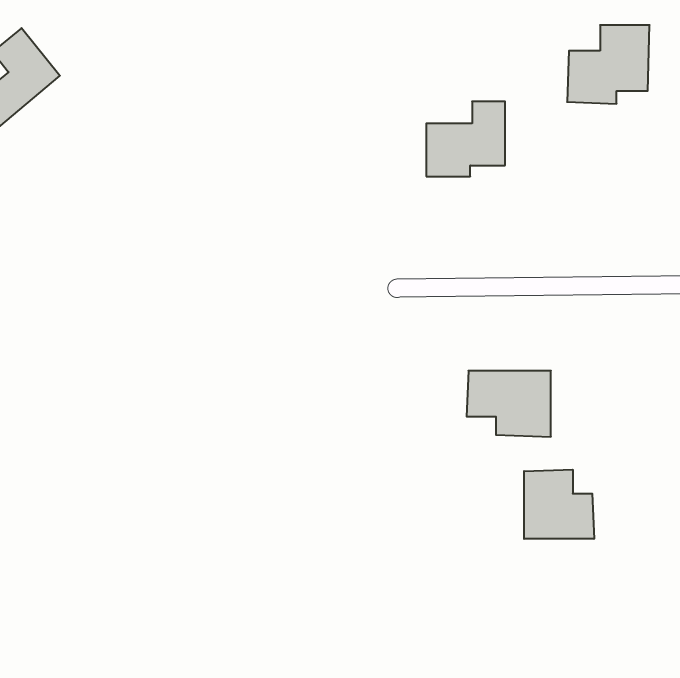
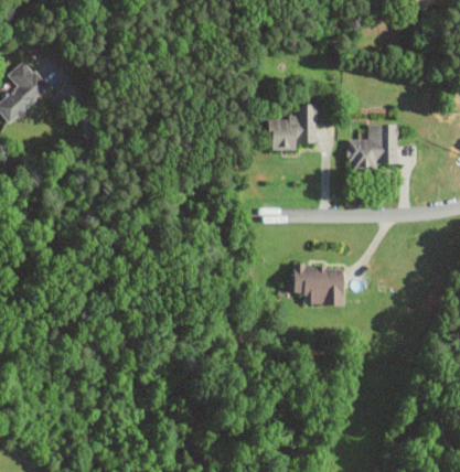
building: [567,25,650,104] -> [347,124,397,171]
building: [524,470,594,539] -> none

